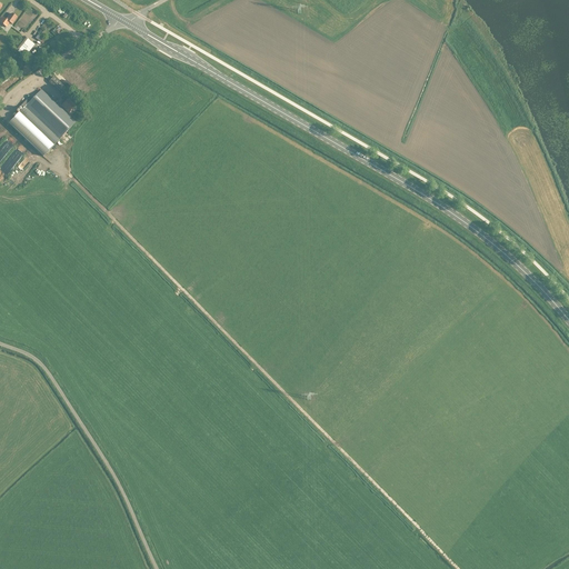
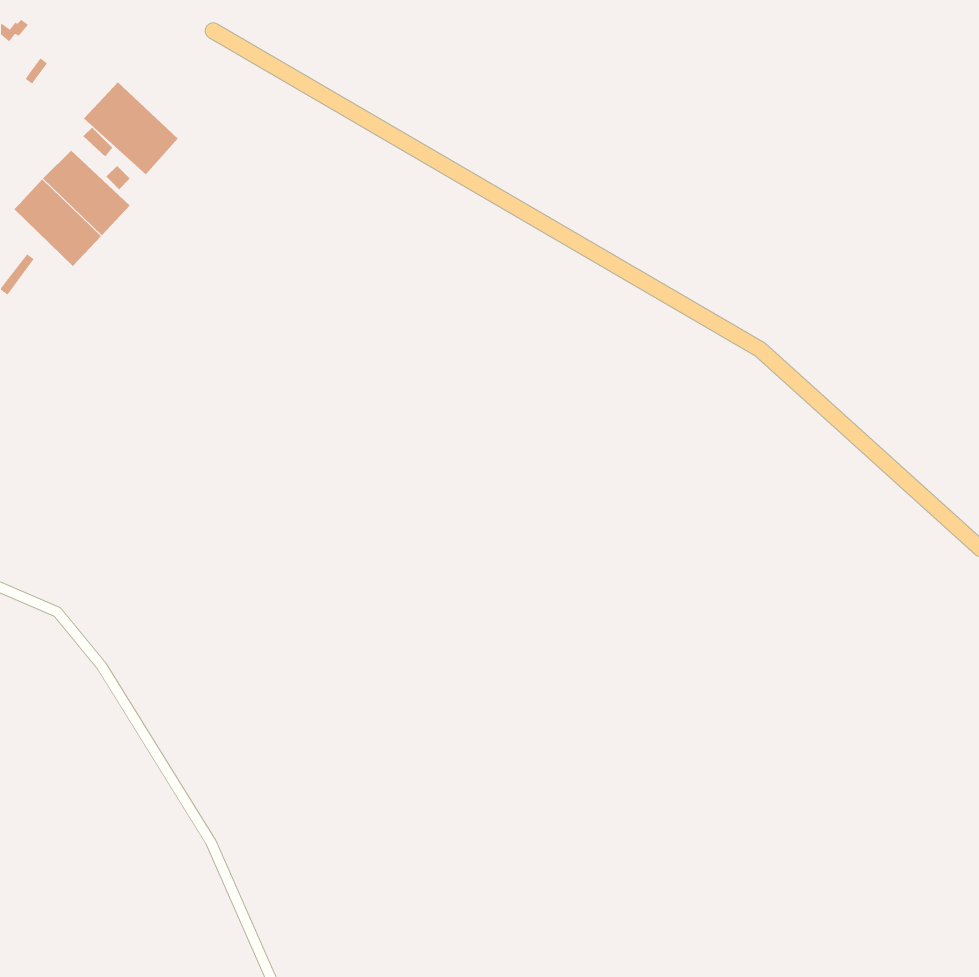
building: none -> [83,82,178,175]

